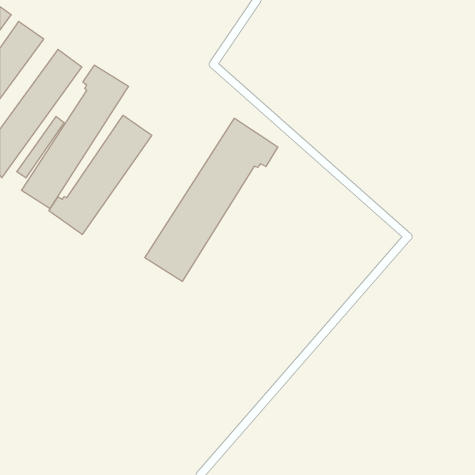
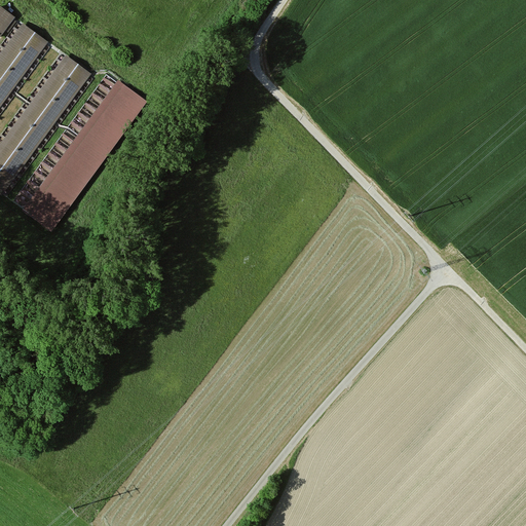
building: [49,115,152,235] -> none
building: [145,118,278,281] -> none

